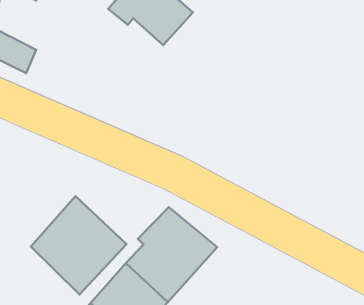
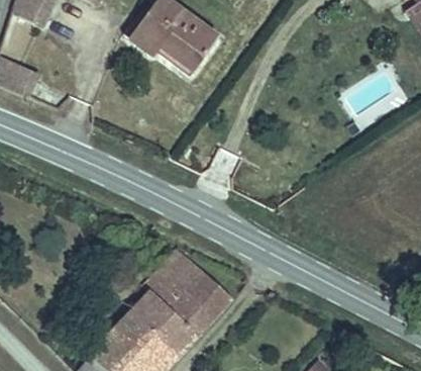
building: [31,196,127,295] -> none

